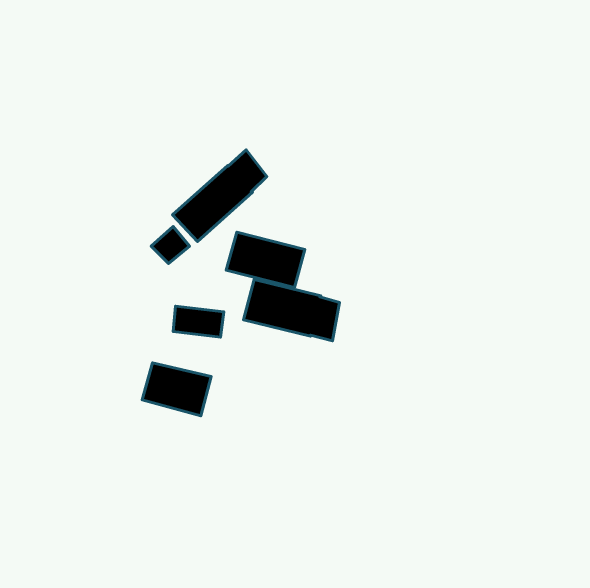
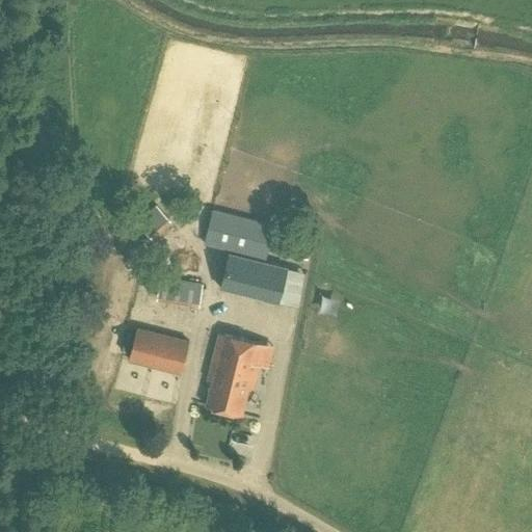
building: [173,150,267,242] -> none
building: none -> [206,335,264,416]

